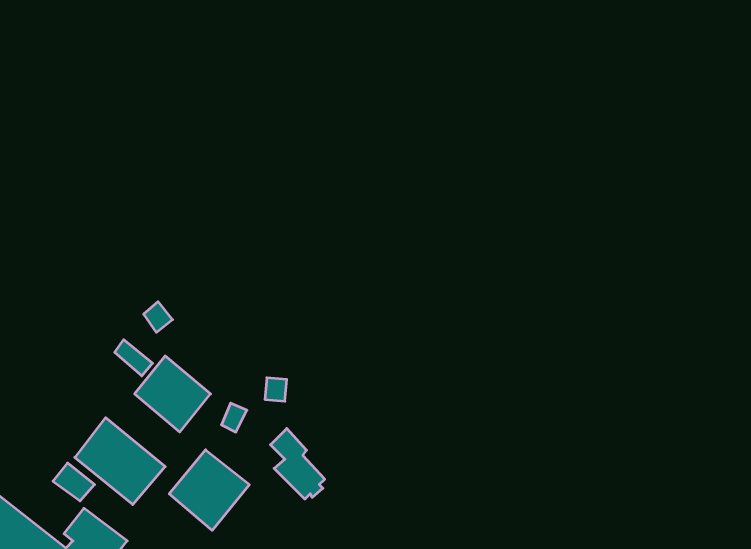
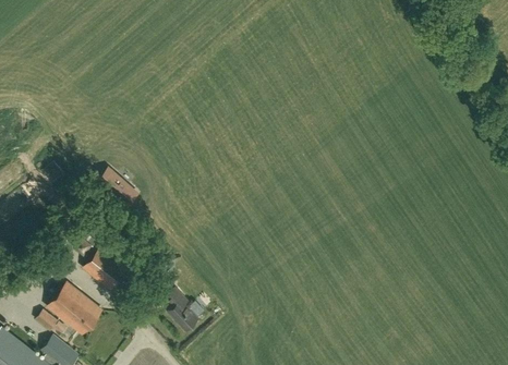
building: none -> [97,170,133,205]
building: [169,450,249,530] -> none

